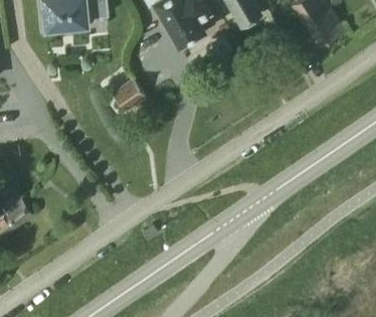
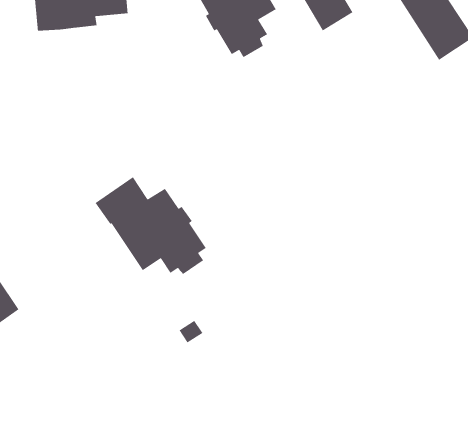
building: [112,78,144,110] -> none
building: none -> [94,176,207,275]

